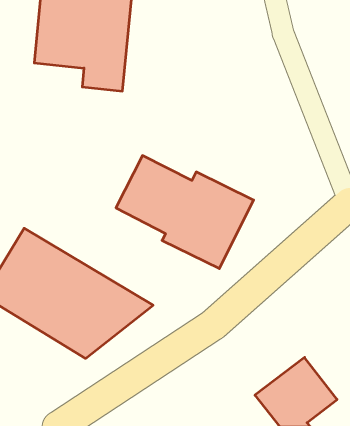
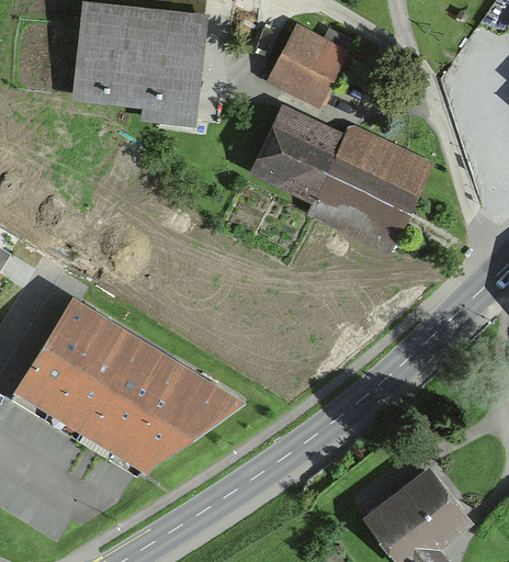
building: none -> [268,25,344,104]
building: [116,156,254,269] -> [251,105,428,250]

